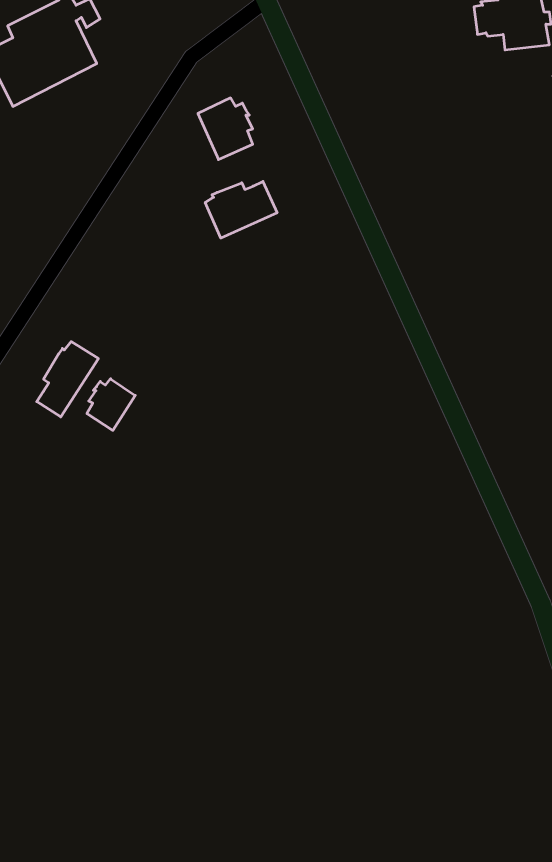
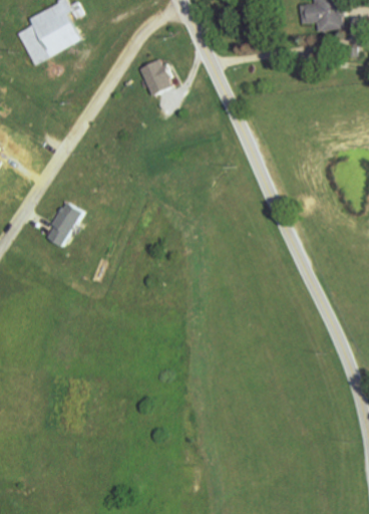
building: [205,181,277,238] -> none
building: [87,379,135,430] -> none

